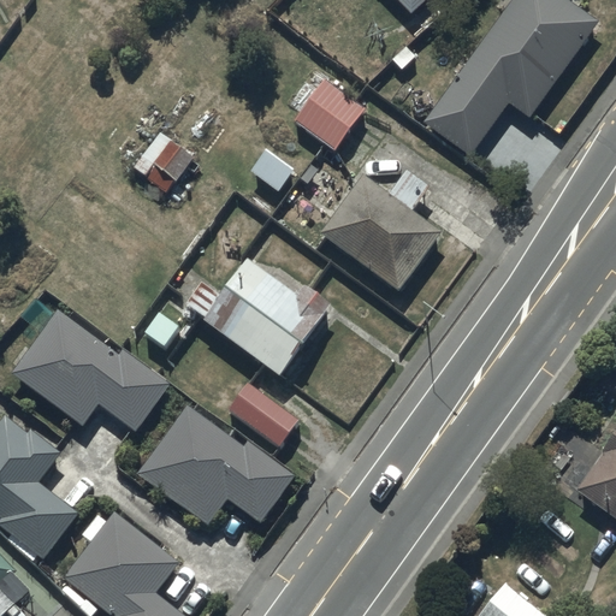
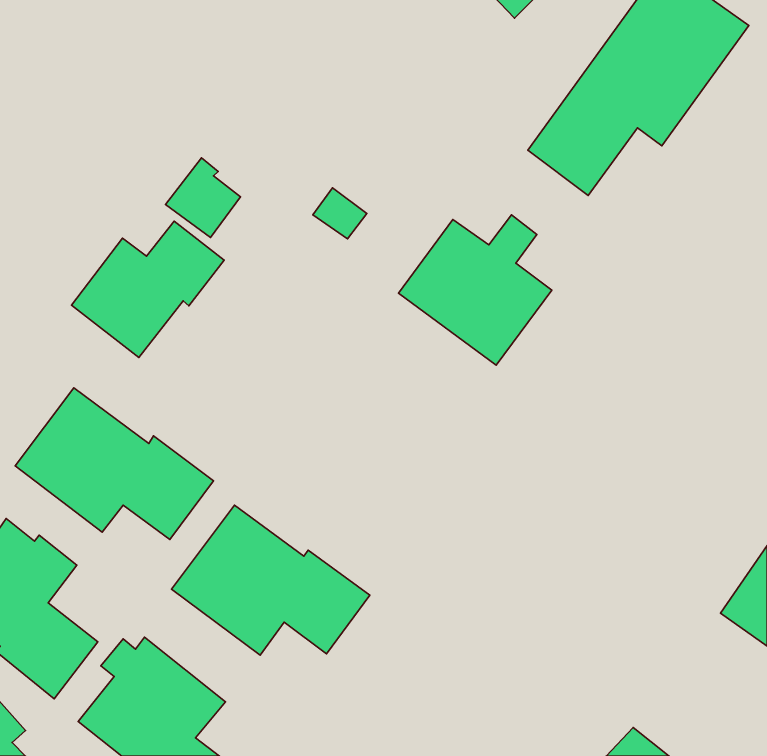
building: [294,78,365,149] -> none
building: none -> [71,221,224,357]
building: [186,262,332,379] -> none
building: [229,381,298,446] -> none

